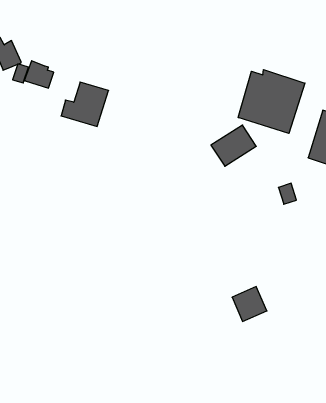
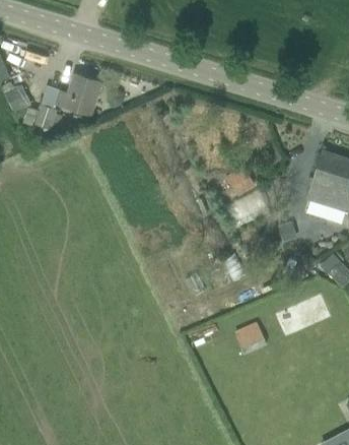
building: [238,70,305,133] -> none
building: [61,82,109,126] -> [56,73,101,116]

